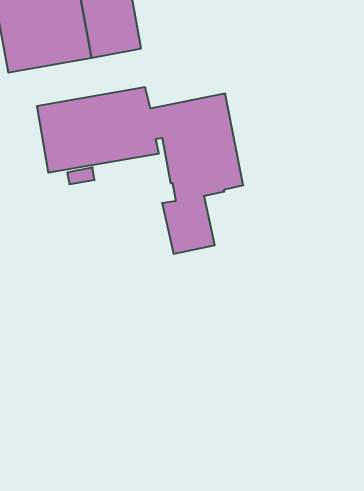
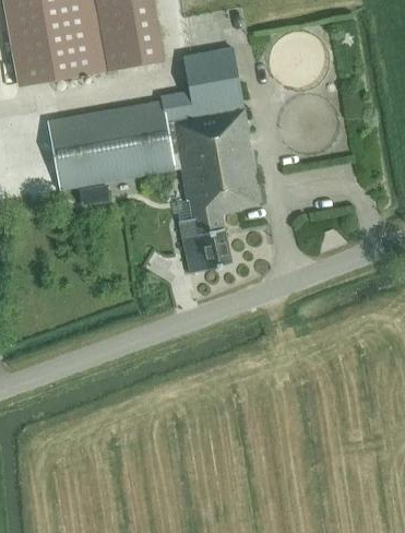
building: none -> [160,47,243,122]

